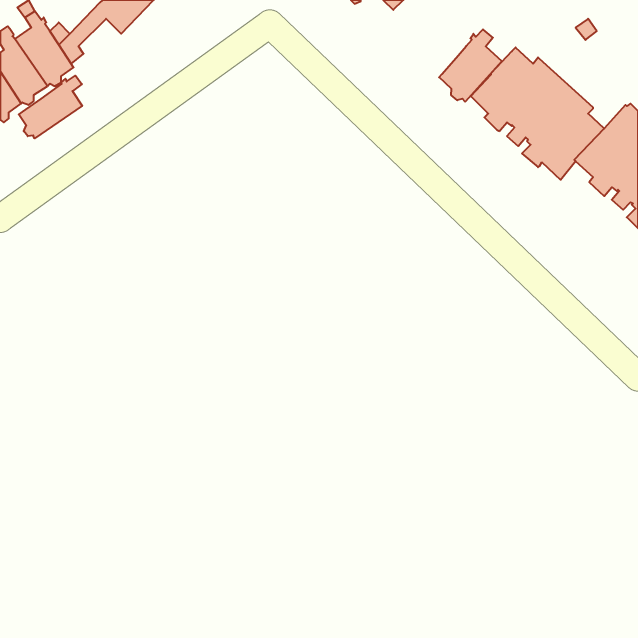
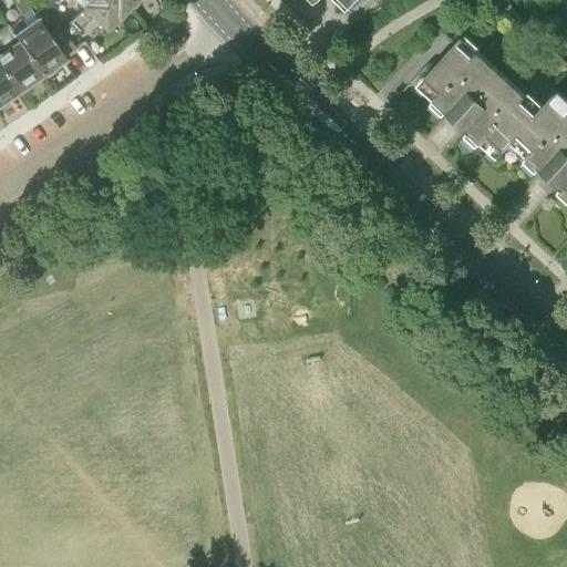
building: [439,29,502,102] -> none
building: [19,76,82,138] -> none

